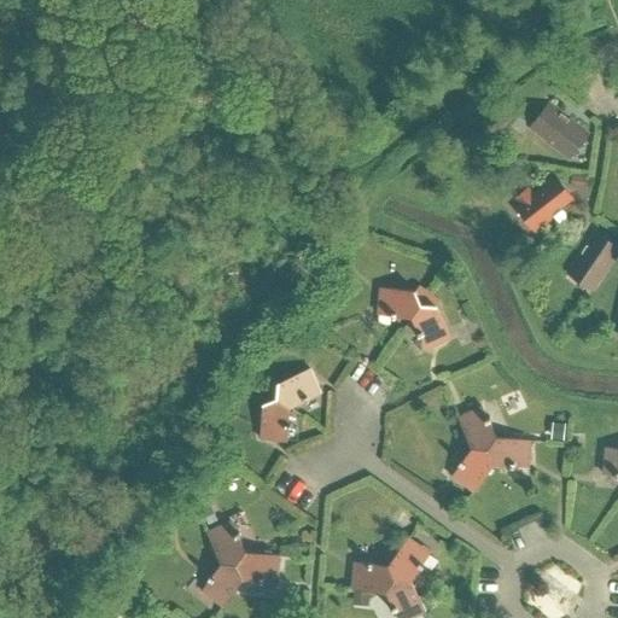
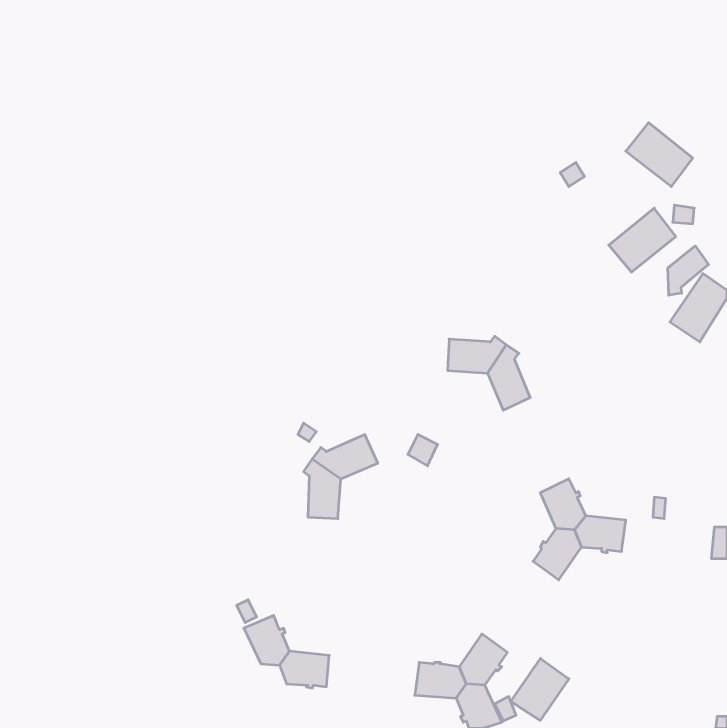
building: none -> [668,246,709,295]
building: none -> [511,658,569,720]
building: [202,562,243,606] -> none

